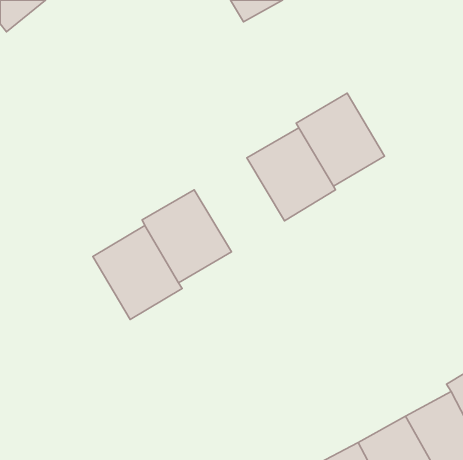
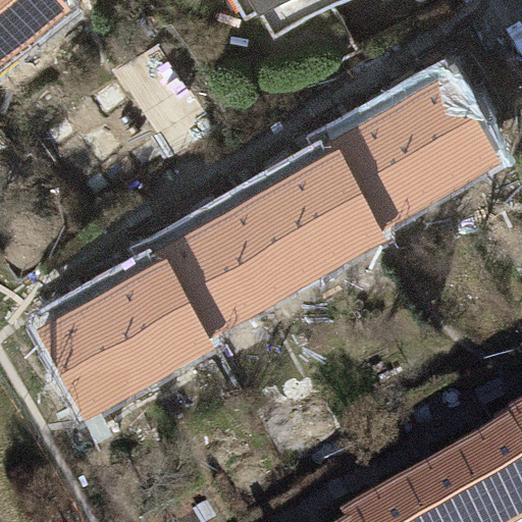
building: none -> [392,74,495,181]
building: none -> [220,184,321,289]
building: none -> [49,294,149,398]

